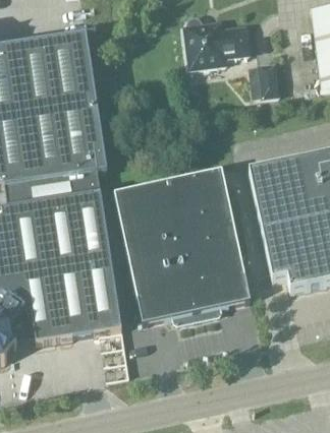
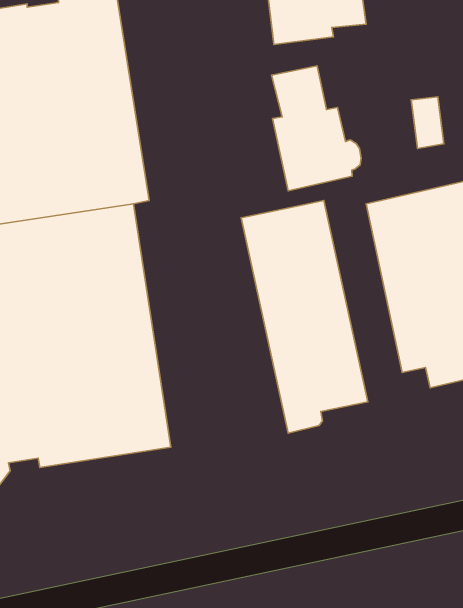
building: [257,61,278,95] -> [411,97,444,148]
building: none -> [272,66,361,191]
building: [114,178,198,322] -> none

